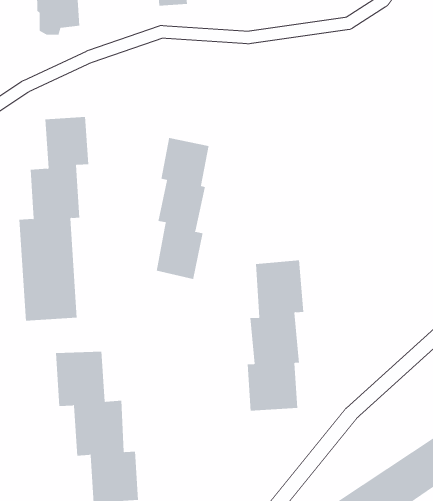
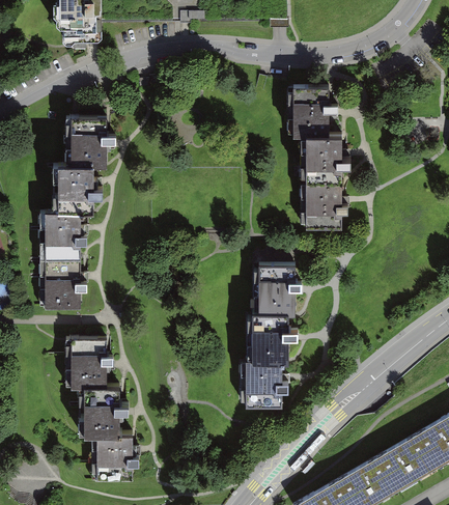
building: none -> [290,88,343,230]
building: [156,137,209,280] -> none

